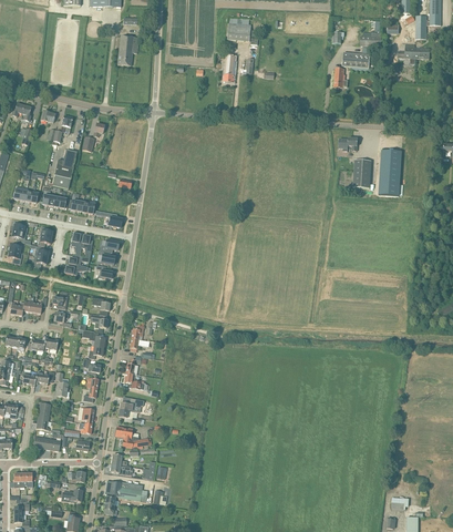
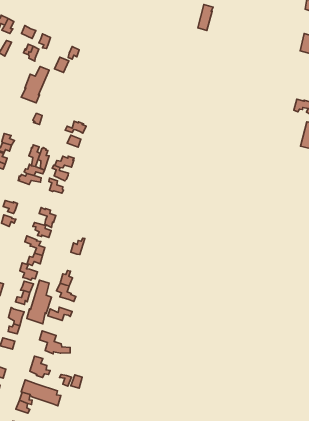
building: none -> [27,280,51,324]

